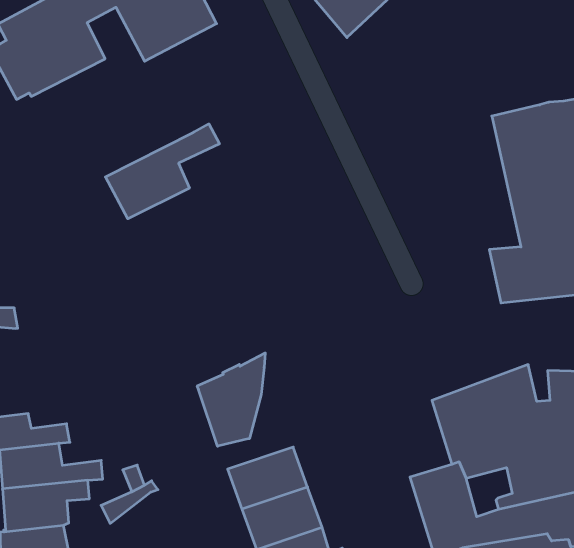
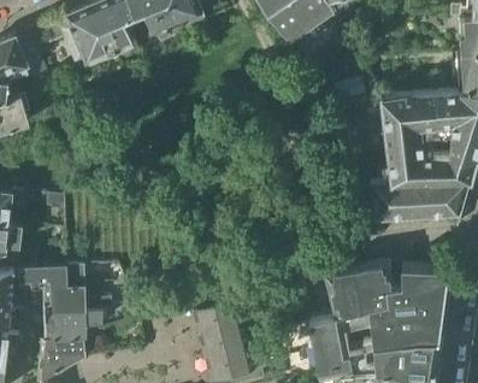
building: [105,124,219,219] -> none
building: [197,353,265,446] -> none

